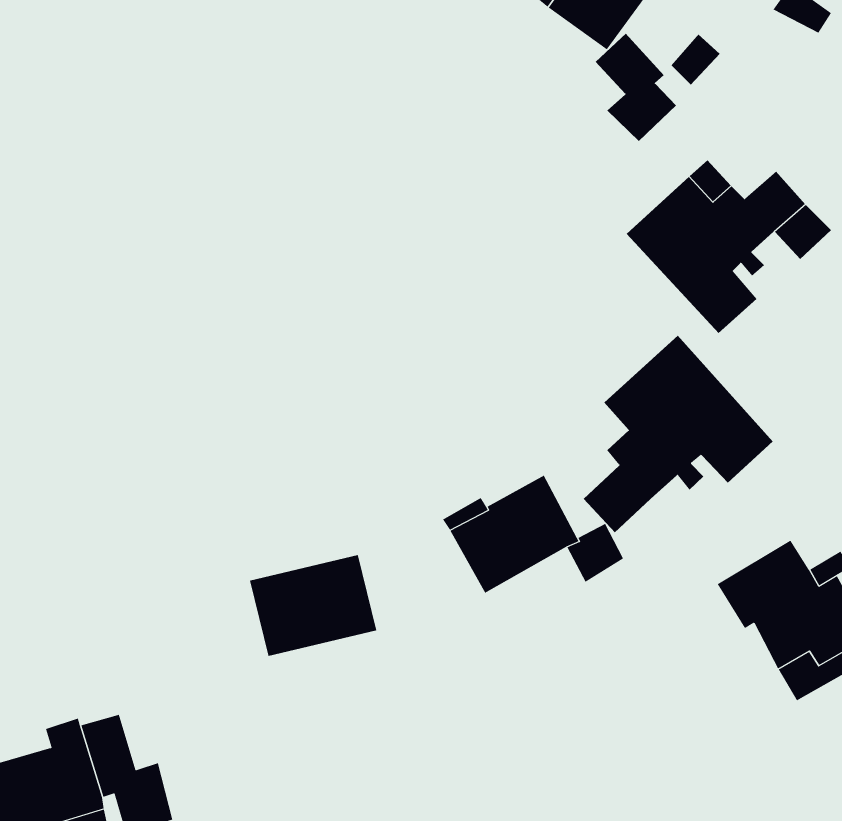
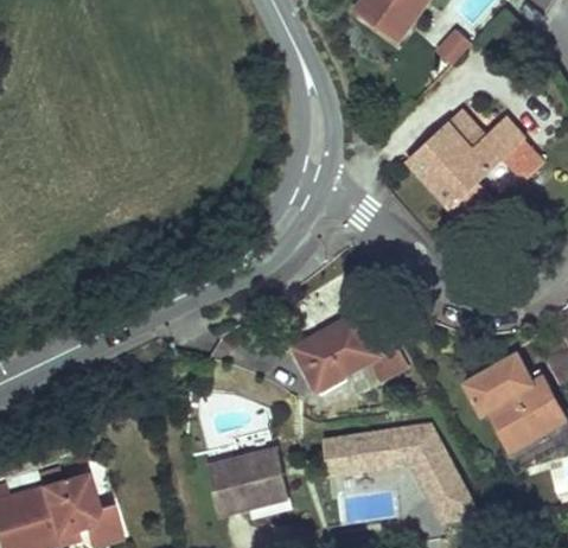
building: [595,33,677,142] -> none
building: [583,335,774,533] -> none
building: [249,554,377,656] -> [208,452,289,517]
building: none -> [323,423,484,522]

